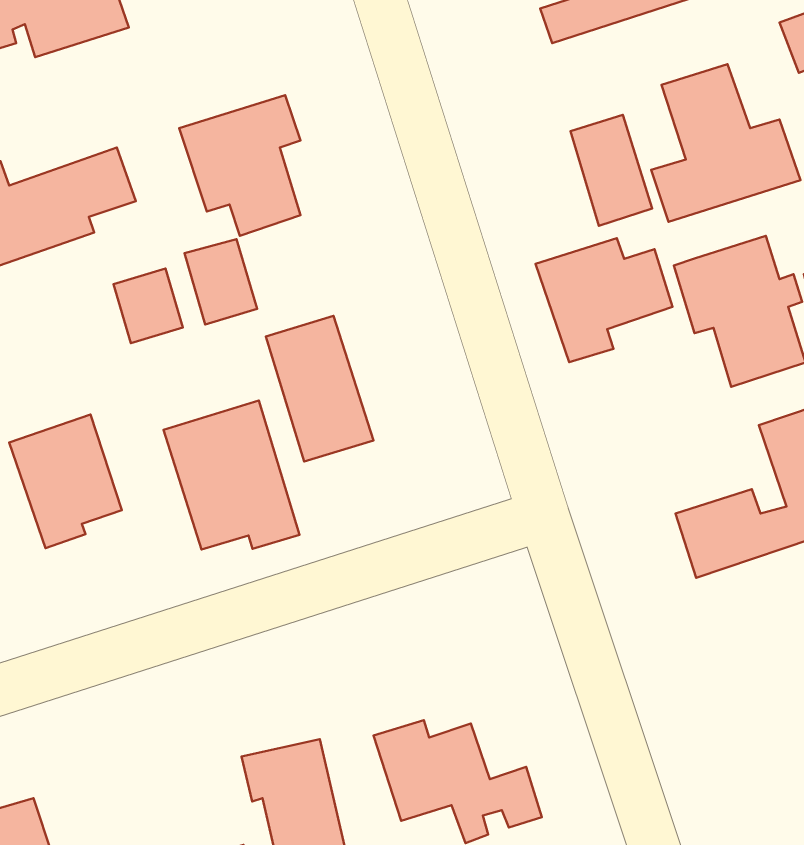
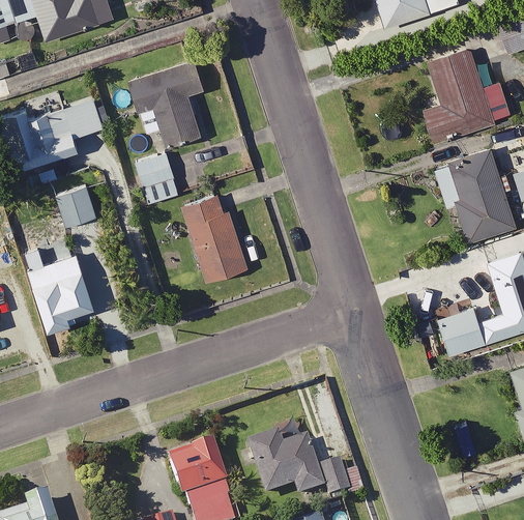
building: [570,115,652,226] -> none
building: [536,238,672,362] -> none
building: [114,269,183,343] -> [59,182,100,227]
building: [163,401,299,550] -> none

